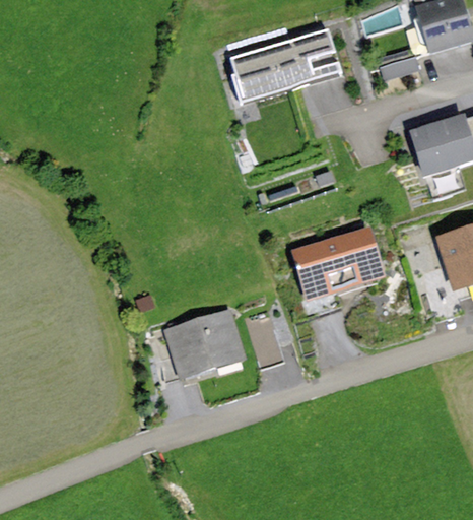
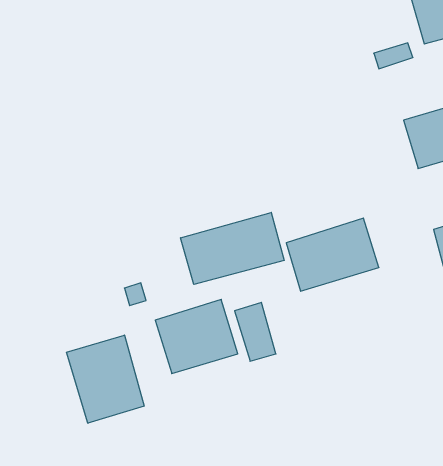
building: [230,27,342,102] -> none
building: none -> [181,212,284,284]
building: none -> [66,335,144,423]

